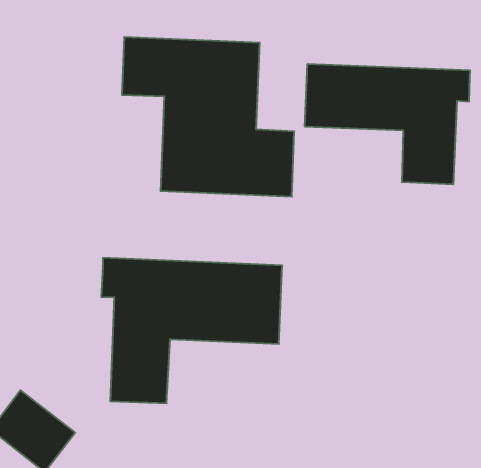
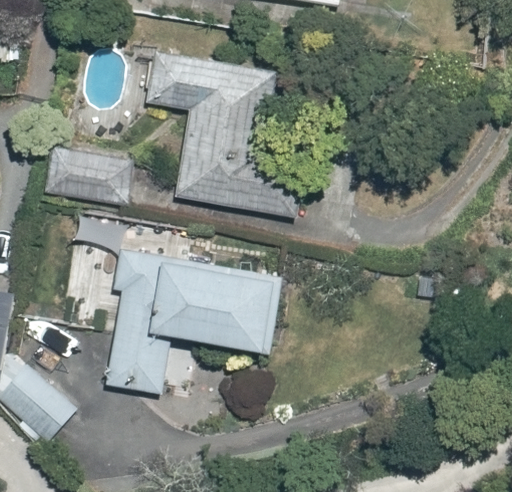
building: [305,64,470,184] -> none
building: none -> [44,149,129,204]

